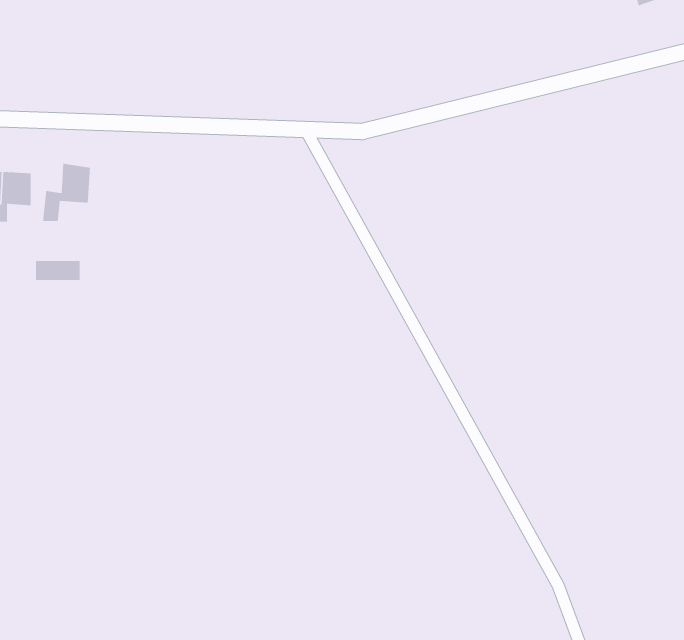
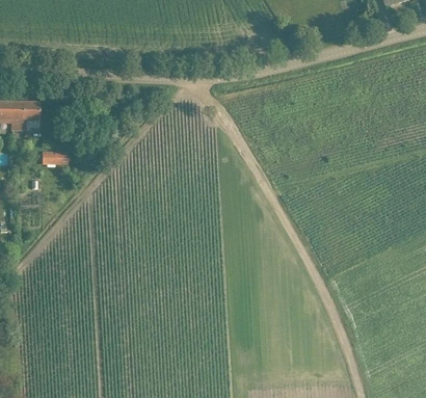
building: [43,163,90,222] -> none

